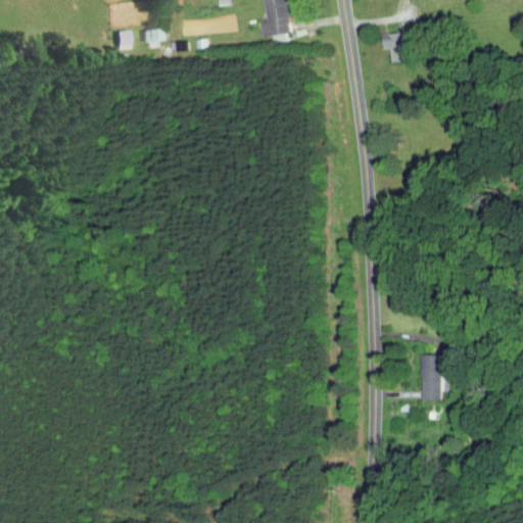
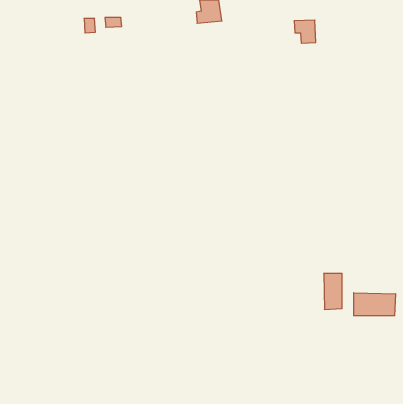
building: none -> [354,293,396,316]

